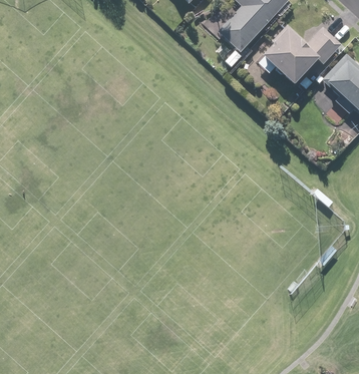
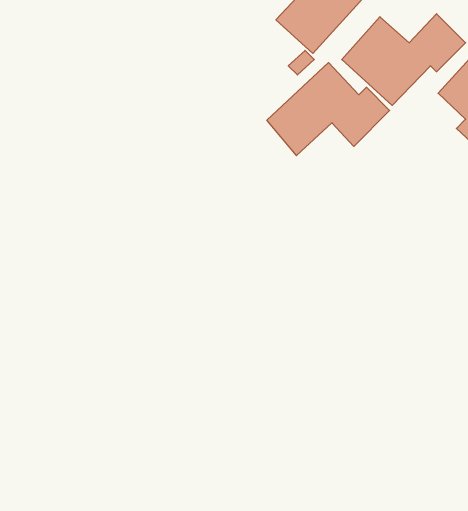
building: none -> [267,63,390,156]

